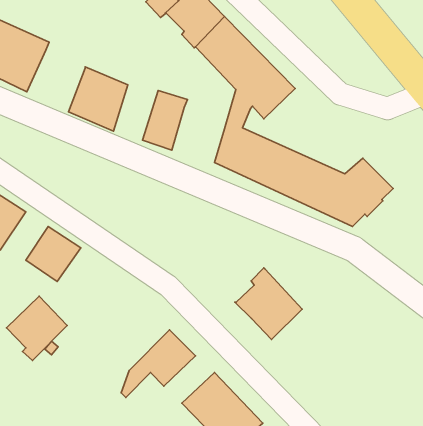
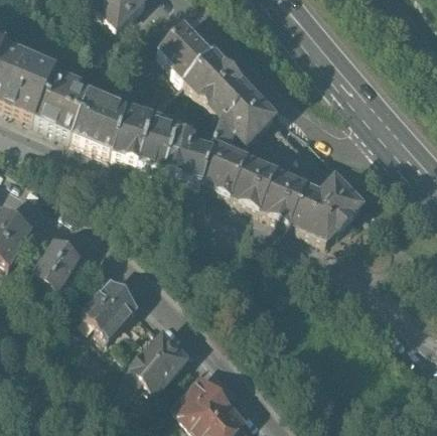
building: none -> [36,78,89,134]
building: none -> [114,107,154,159]
building: none -> [166,130,213,179]
building: [235,268,302,339] -> none
building: [7,296,67,360] -> [86,276,140,333]

